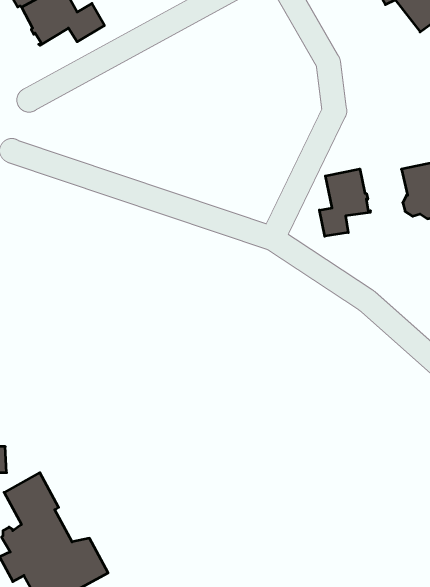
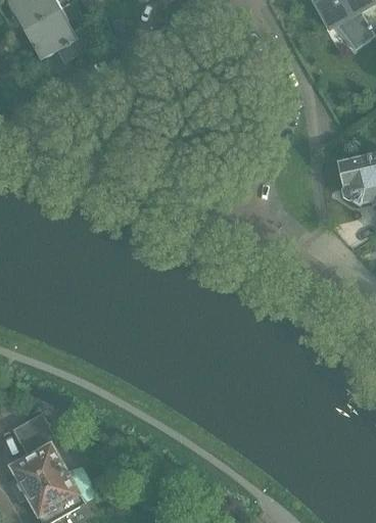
building: [319,169,370,236] -> none

